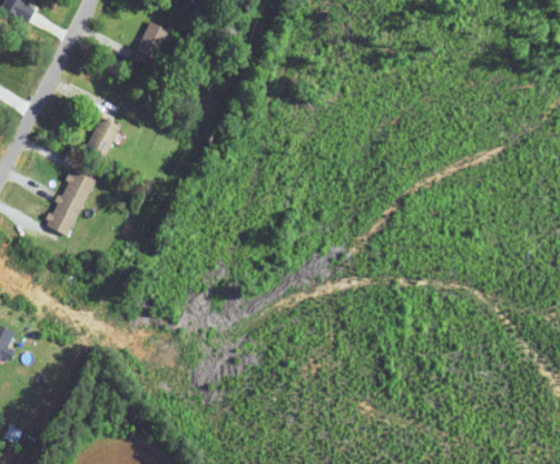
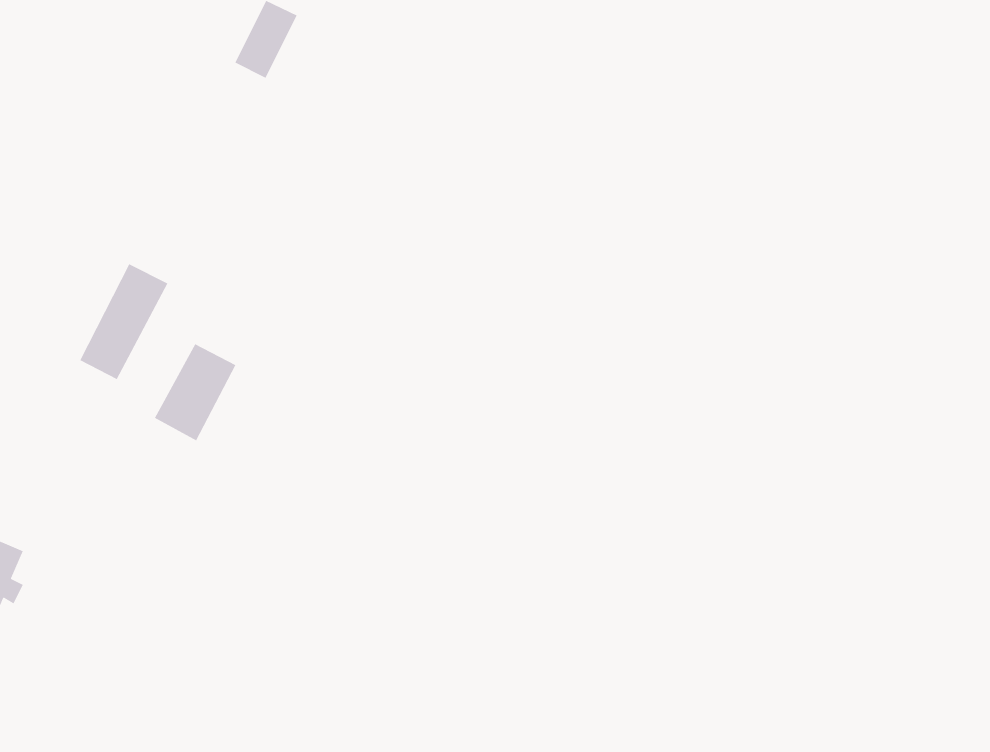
building: [87,117,119,156] -> none
building: none -> [154,343,236,441]

